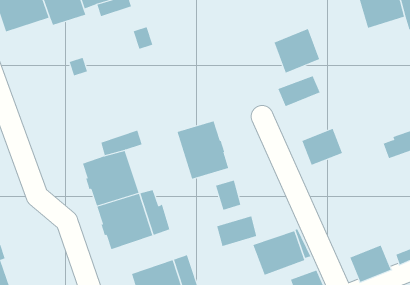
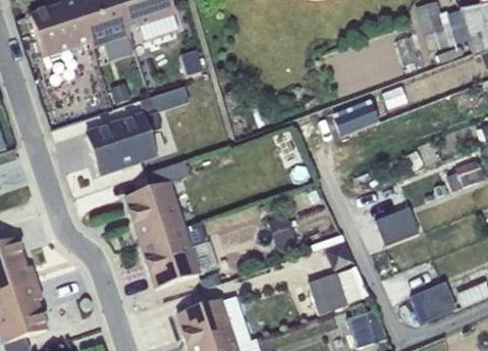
building: [274,28,320,73] -> none
building: none -> [87,86,191,172]
building: [177,120,229,180] -> none
building: [302,128,343,166] -> [375,206,419,246]
building: [216,215,257,247] -> none

